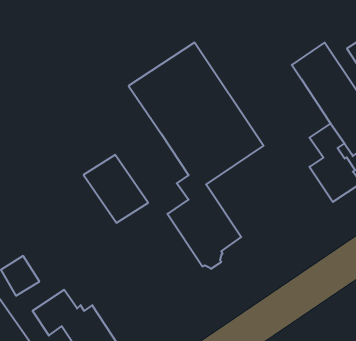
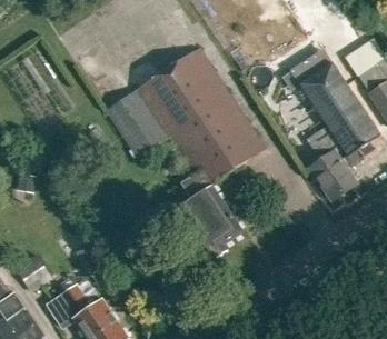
building: [84,155,148,223] -> [107,90,168,154]

